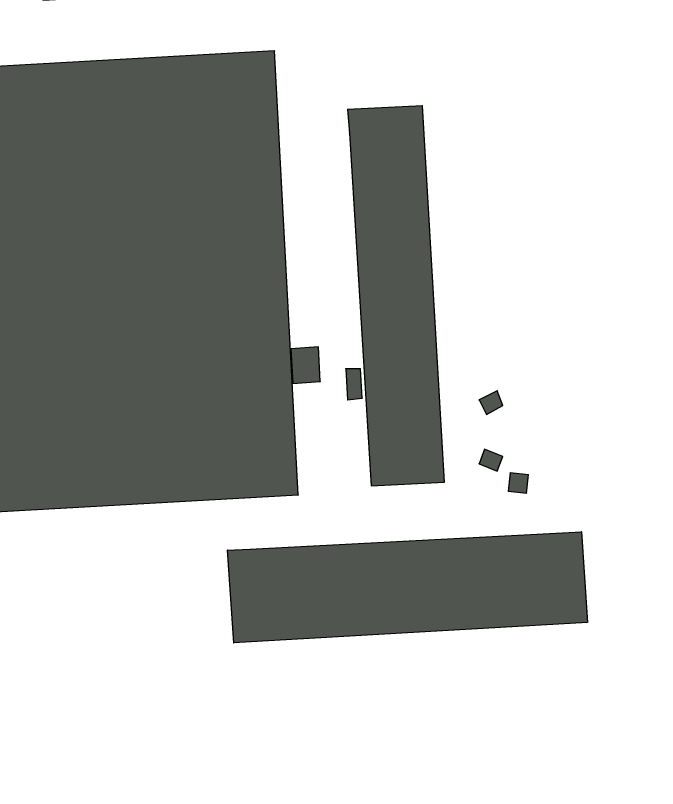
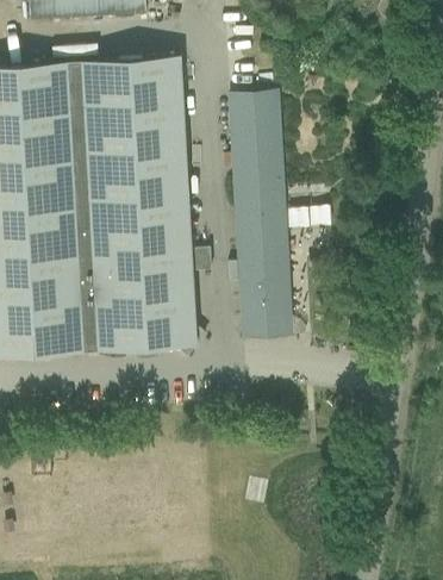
building: [228,532,587,643] -> none

